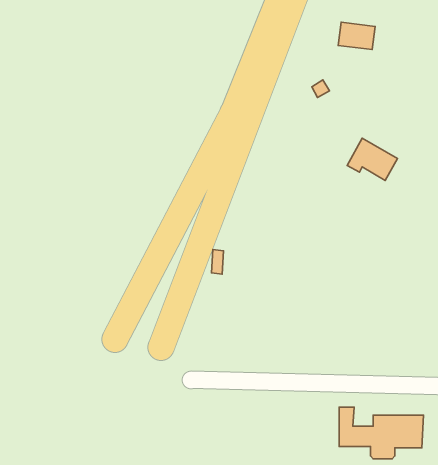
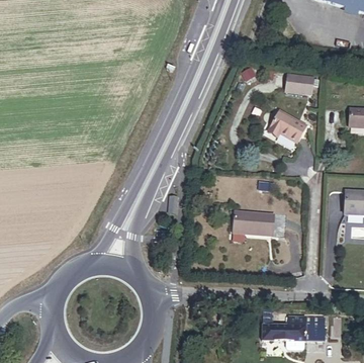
building: [338,22,375,49] -> [286,73,313,93]
building: none -> [234,209,274,234]

